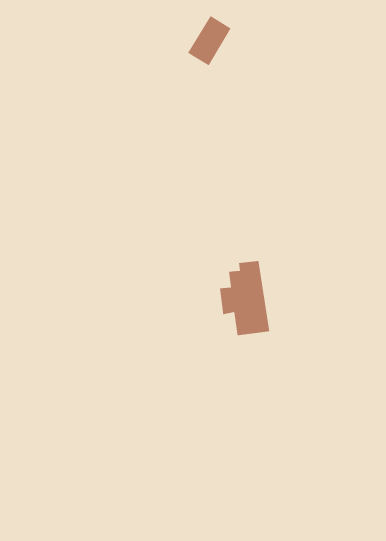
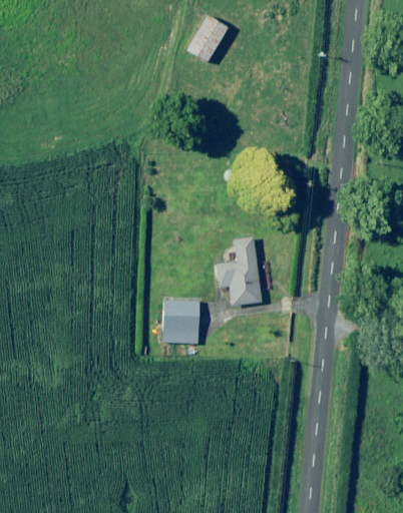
building: none -> [163,300,199,344]

